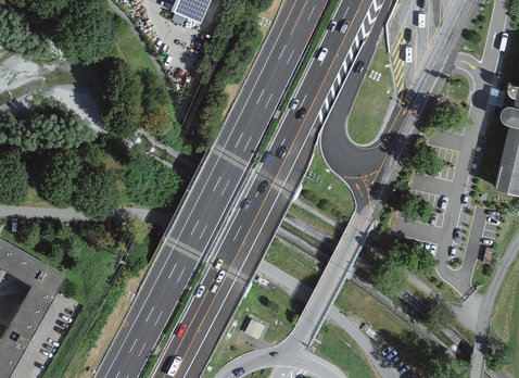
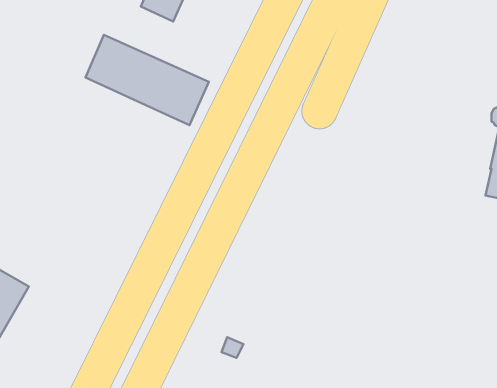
building: none -> [85,35,209,125]

